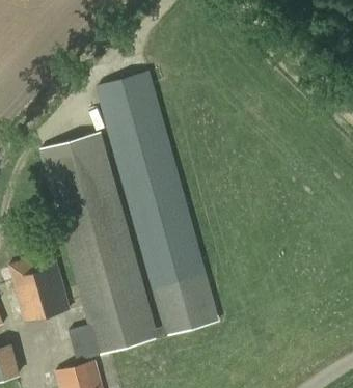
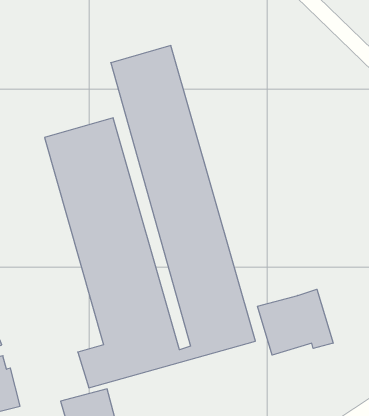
building: [7,252,72,322] -> none
building: none -> [257,289,333,355]

